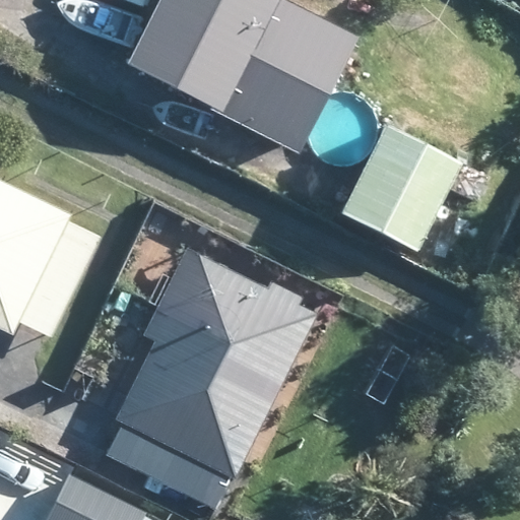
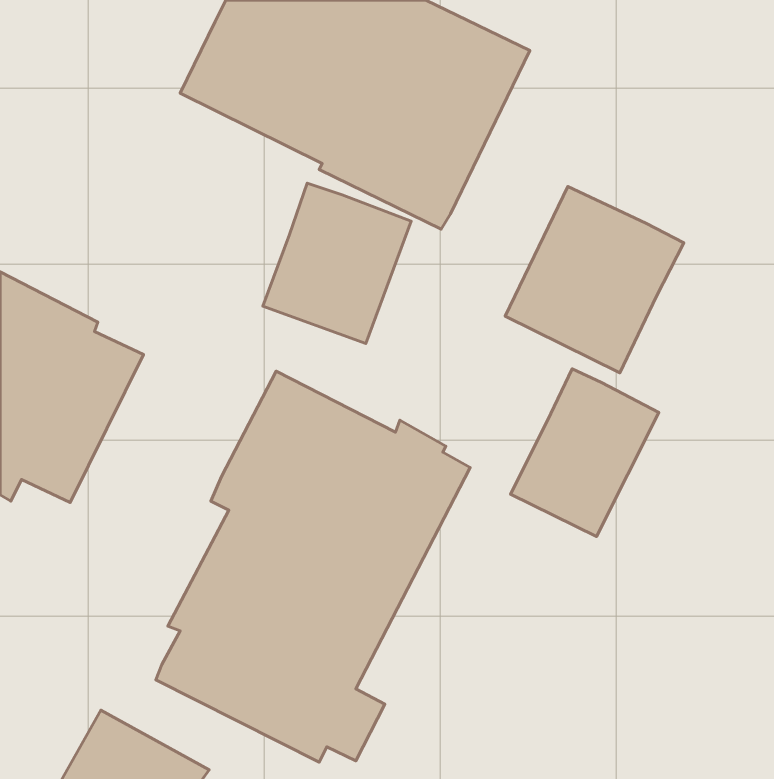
building: none -> [263,183,411,343]
building: none -> [511,369,659,537]

